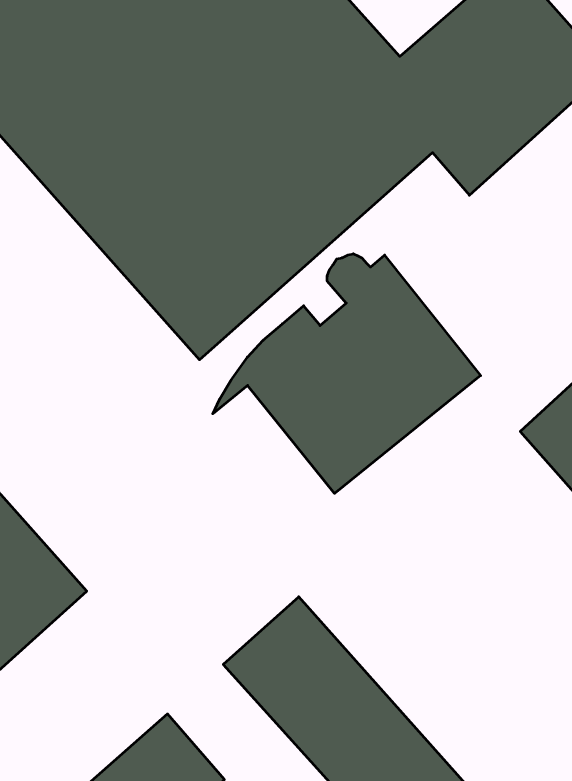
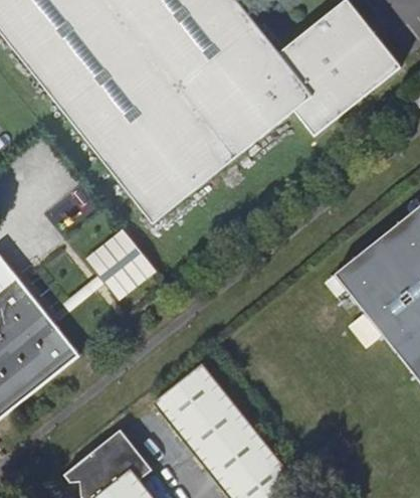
building: [213,254,481,493] -> none
building: none -> [87,228,156,298]

